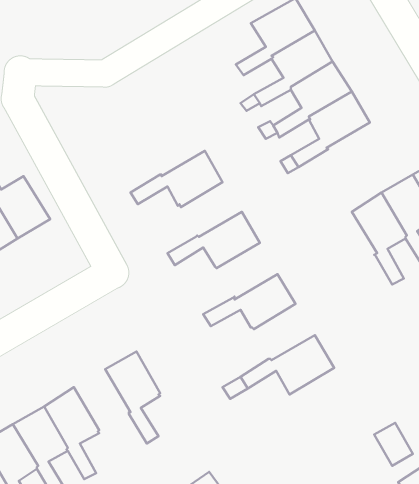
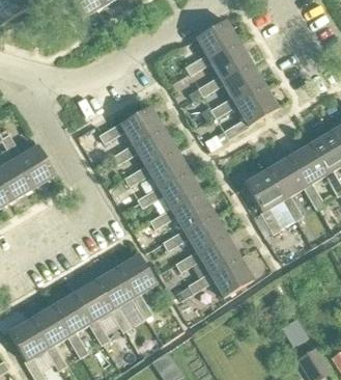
building: none -> [100,106,164,145]
building: none -> [125,150,190,188]
building: none -> [245,170,284,235]
building: none -> [150,192,215,232]
building: none -> [176,235,240,274]
building: none -> [116,254,157,320]
building: none -> [73,280,112,345]

